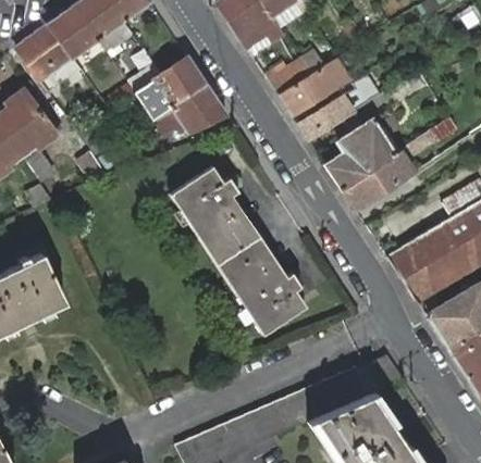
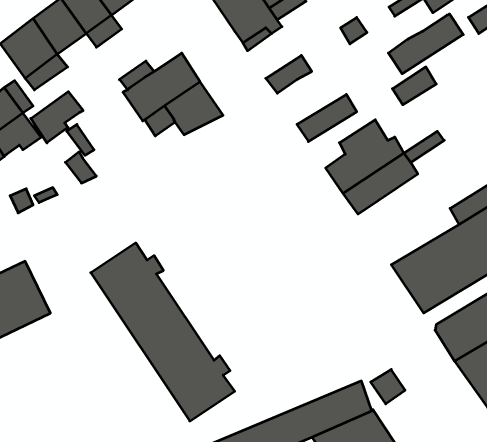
building: [281,58,351,114] -> [388,14,463,74]
building: none -> [31,92,83,143]
building: [171,165,307,334] -> [91,243,235,421]

